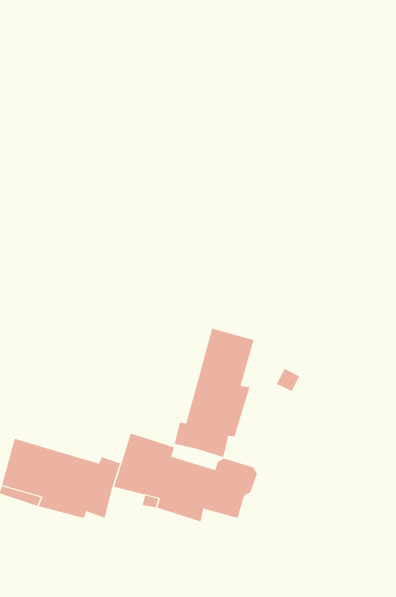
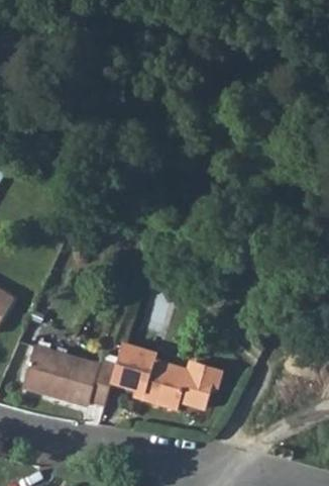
building: [174,328,254,458] -> none

